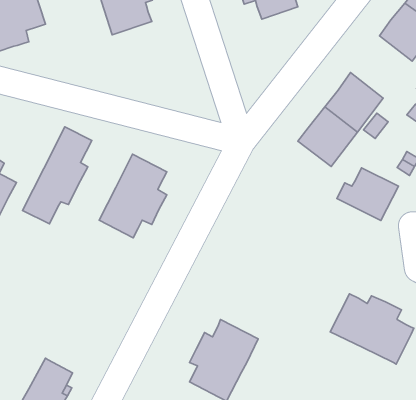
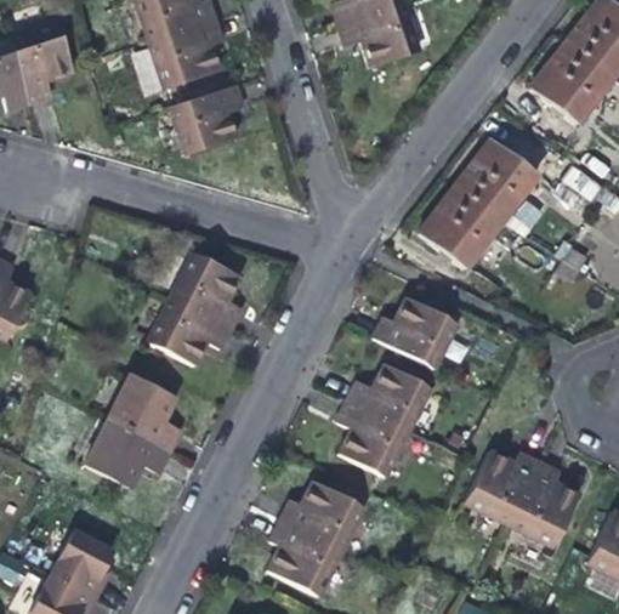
building: none -> [169,80,242,150]
building: [22,127,92,224] -> none
building: [337,168,398,221] -> [374,295,459,368]
building: none -> [339,364,433,479]
building: none -> [85,375,180,487]

